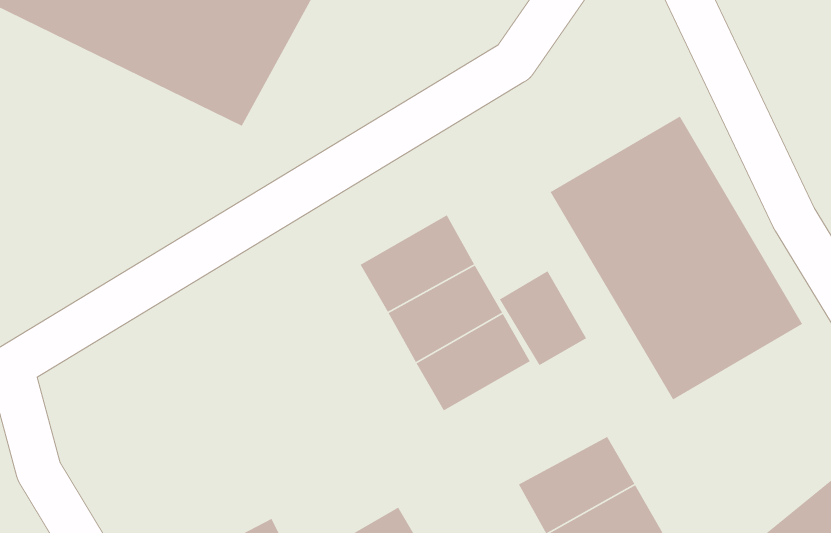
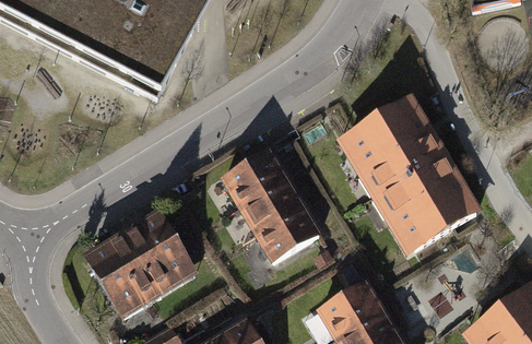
building: [499,270,587,366] -> none
building: none -> [82,207,199,320]

